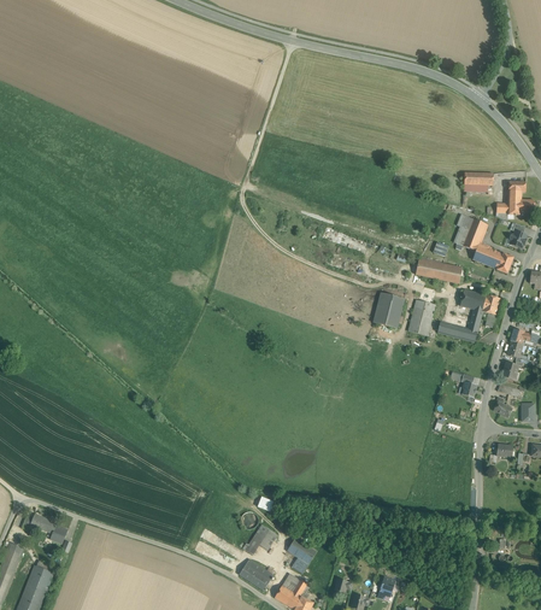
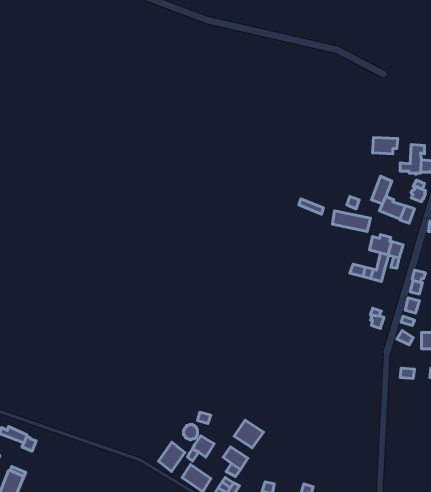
building: [374,293,405,328] -> none
building: [408,300,435,336] -> none
building: none -> [234,420,263,448]
building: none -> [158,442,185,472]

